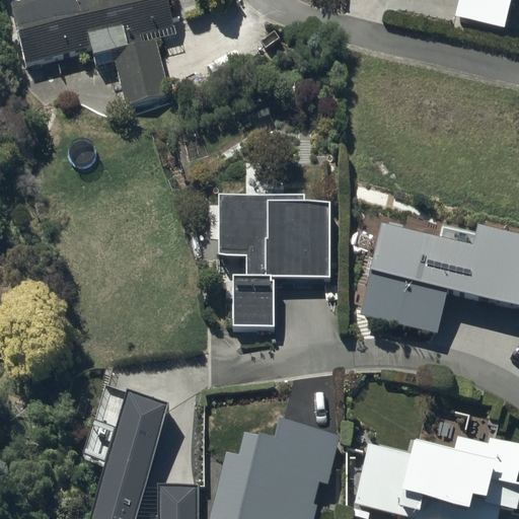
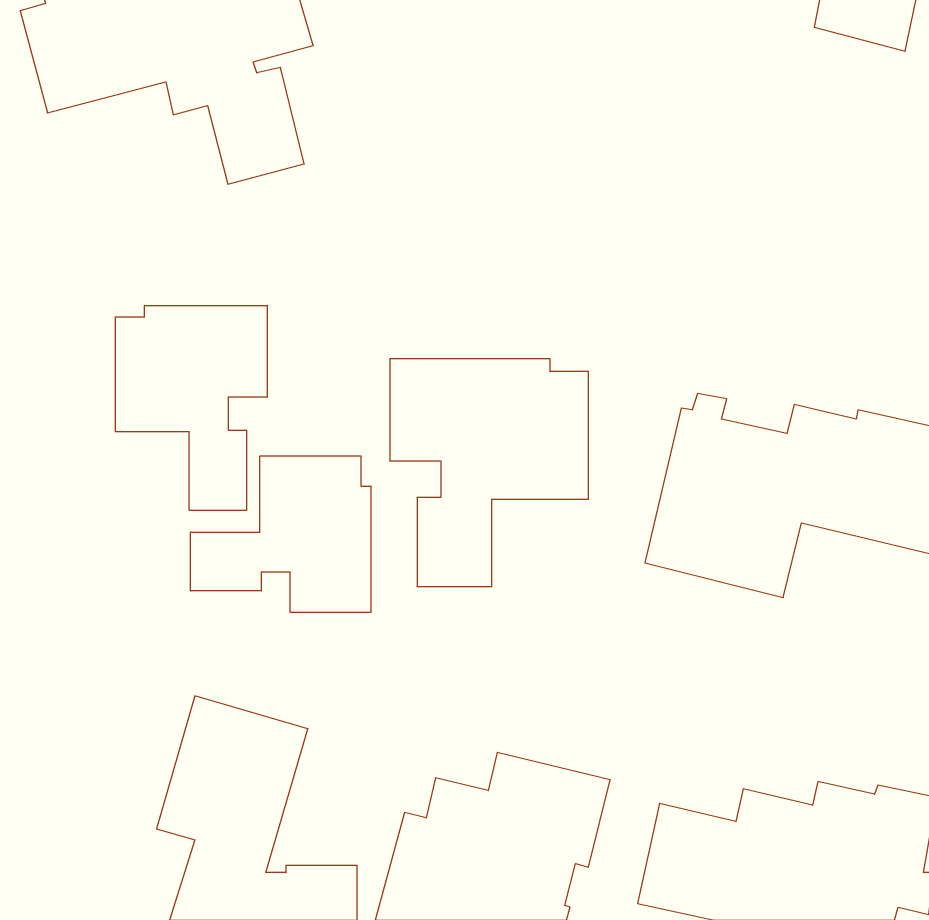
building: none -> [115,305,267,510]
building: none -> [191,456,371,612]

